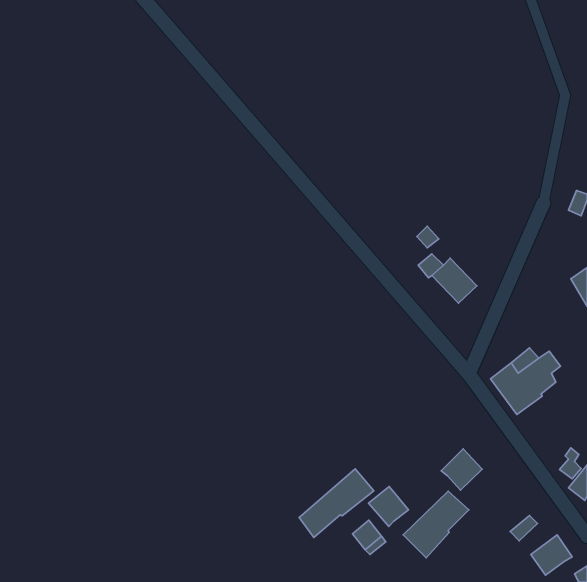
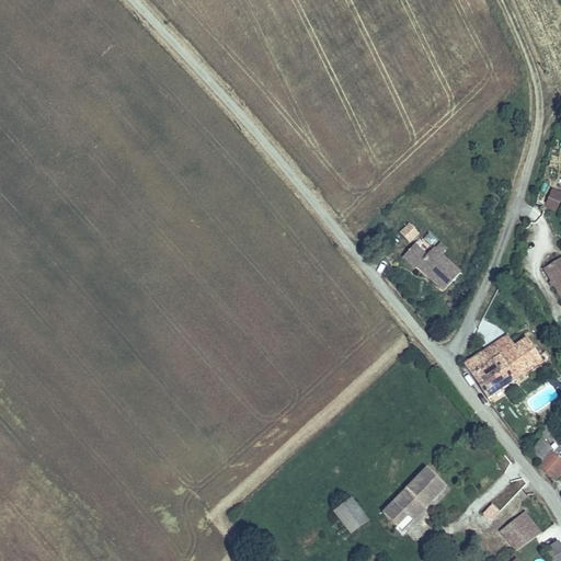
building: [441,449,482,490] -> none
building: [299,469,374,537] -> none
building: [368,487,409,527] -> none

